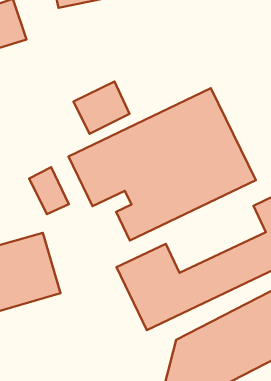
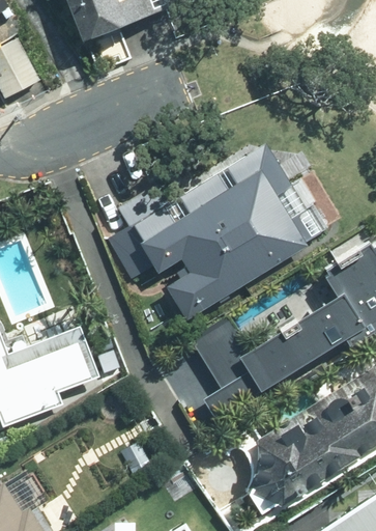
building: [73,82,129,134] -> none
building: [29,167,69,214] -> none

